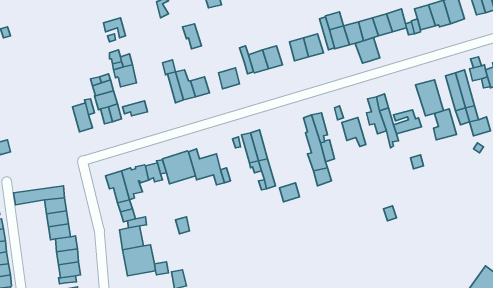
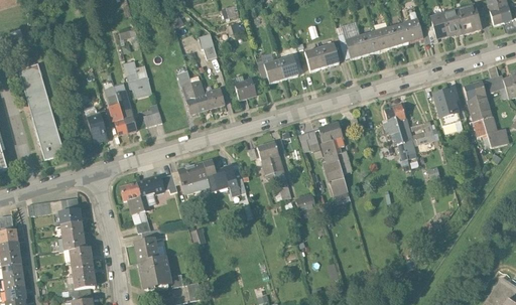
building: [355,37,380,63] -> none
building: none -> [18,63,63,158]
building: [433,109,457,140] -> none
building: [342,117,366,146] -> [298,130,322,159]

